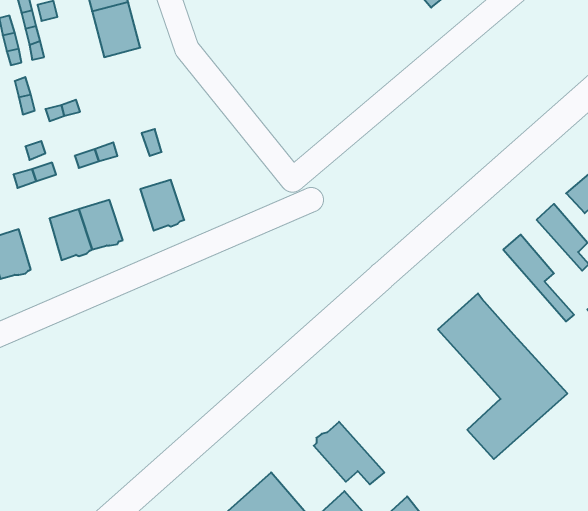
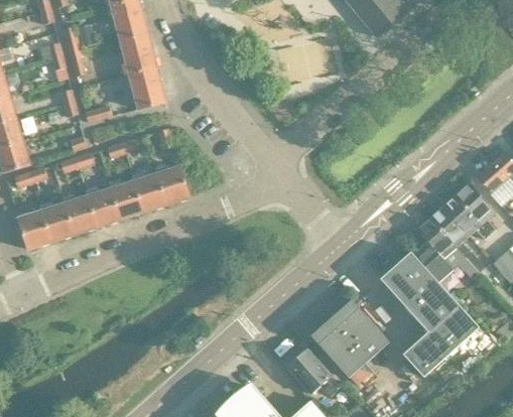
building: none -> [129,66,165,109]
building: none -> [133,173,166,212]
building: none -> [65,195,97,234]
building: none -> [443,196,490,240]
building: none -> [414,219,478,283]
building: none -> [310,299,389,378]

